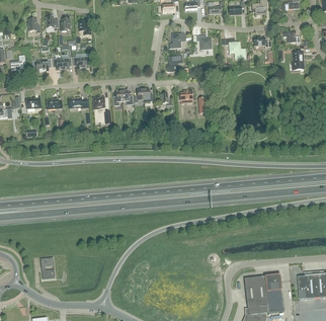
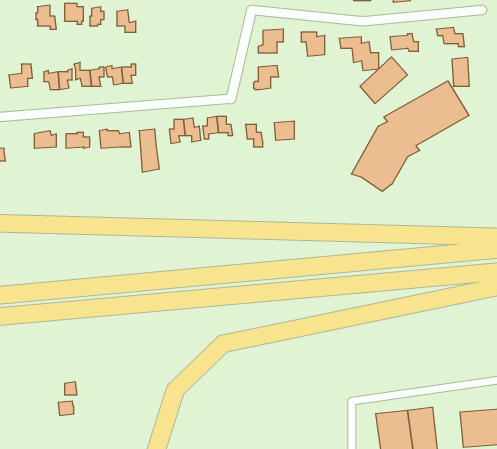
building: none -> [360,57,408,104]
building: none -> [352,81,469,192]

